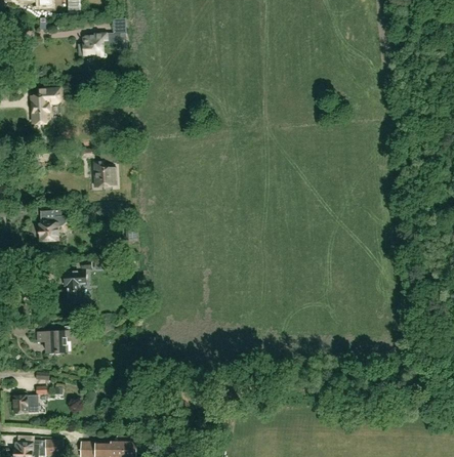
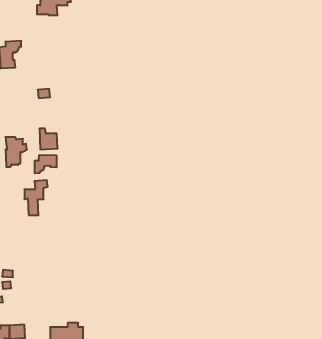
building: [93,161,116,186] -> [39,129,58,149]
building: none -> [35,155,56,173]
building: [37,331,68,352] -> none

